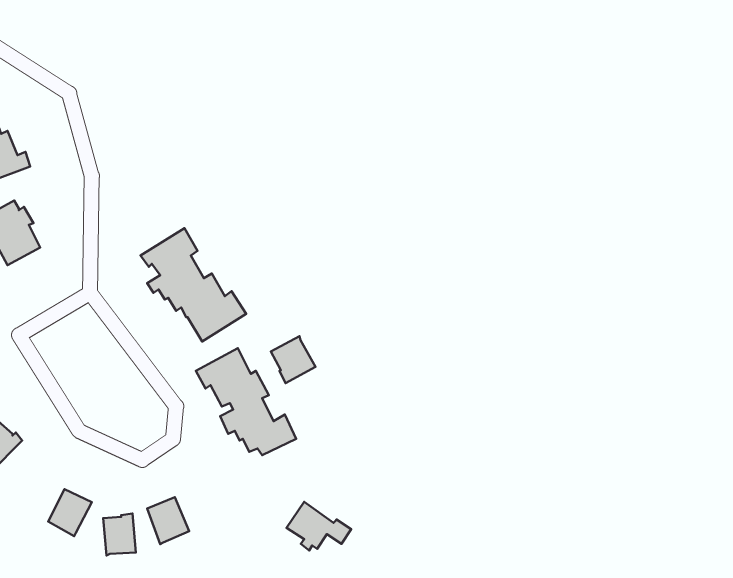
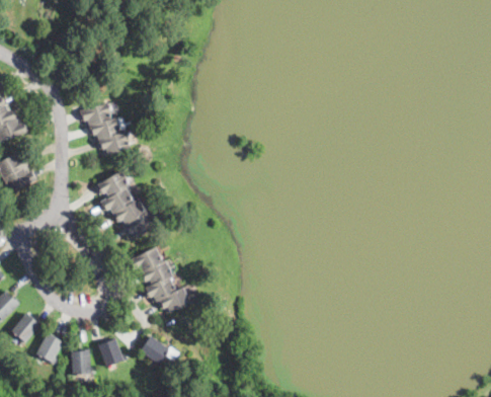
building: none -> [78,102,132,155]
building: [271,336,315,383] -> none
building: none -> [11,313,42,345]
building: [286,502,351,550] -> [140,335,180,366]

